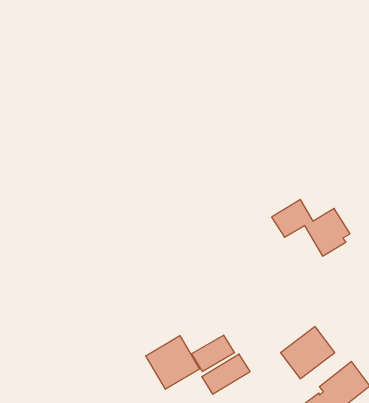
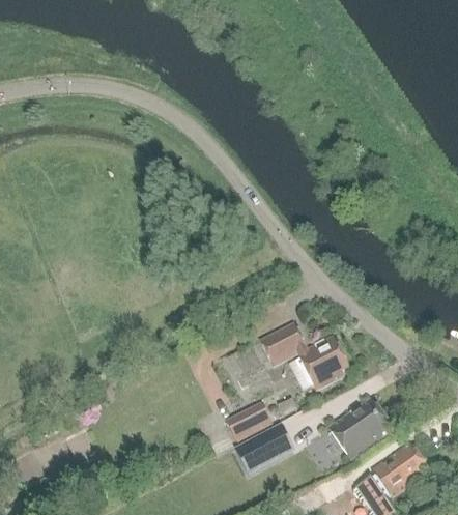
building: [272,199,350,256] -> [259,321,348,388]
building: [146,336,200,389] -> none

